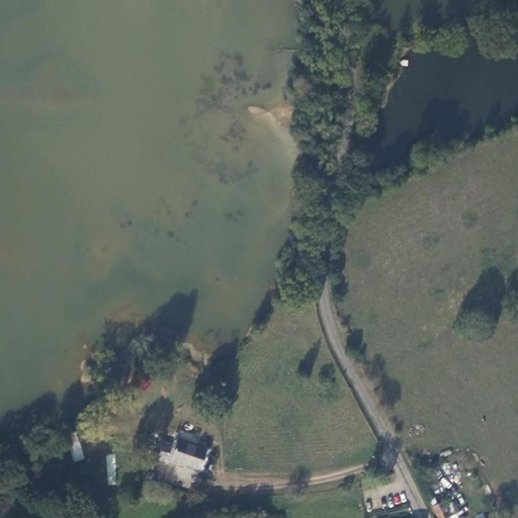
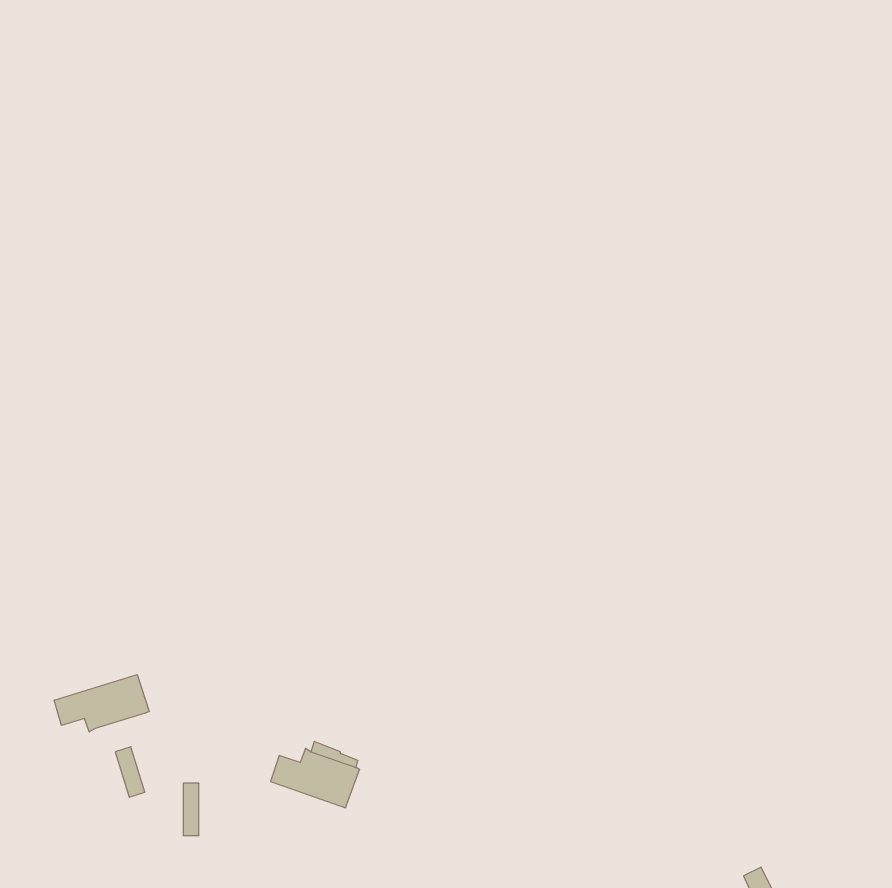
building: none -> [54,675,149,732]

